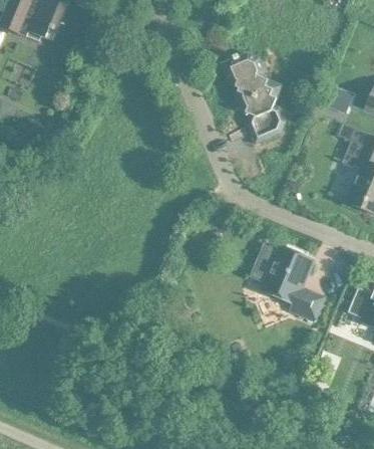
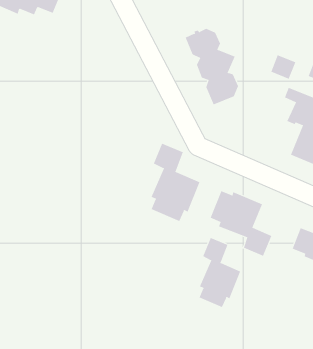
building: none -> [151,143,200,222]
building: none -> [199,237,241,308]

